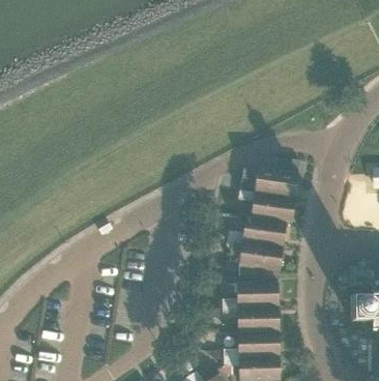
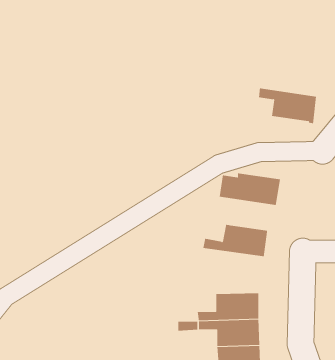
building: [239,188,295,223] -> [258,88,317,124]
building: [224,237,284,270] -> none

